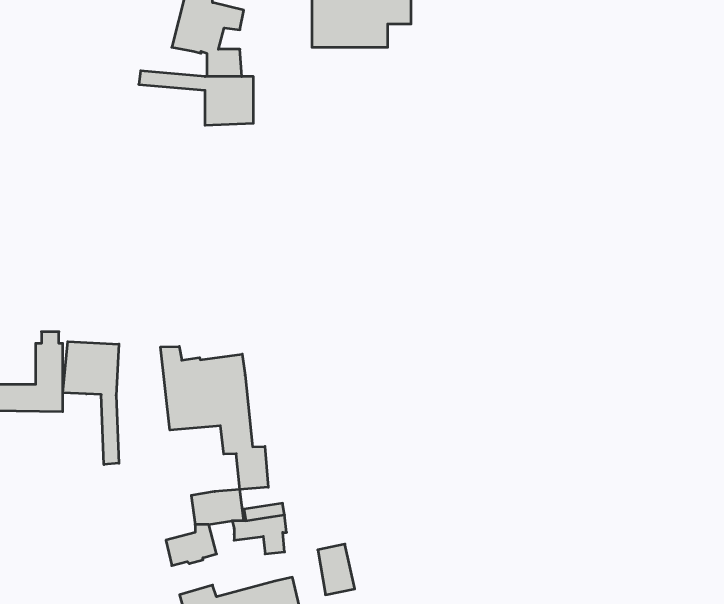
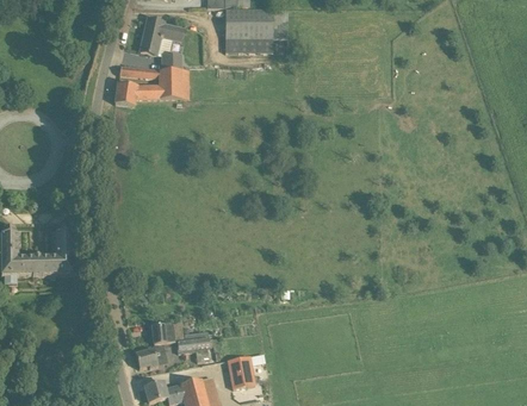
building: none -> [114,83,159,107]
building: [63,342,119,465] -> none
building: [161,346,268,490] -> none

